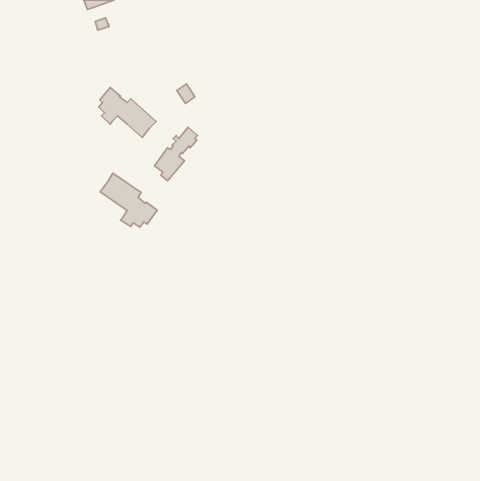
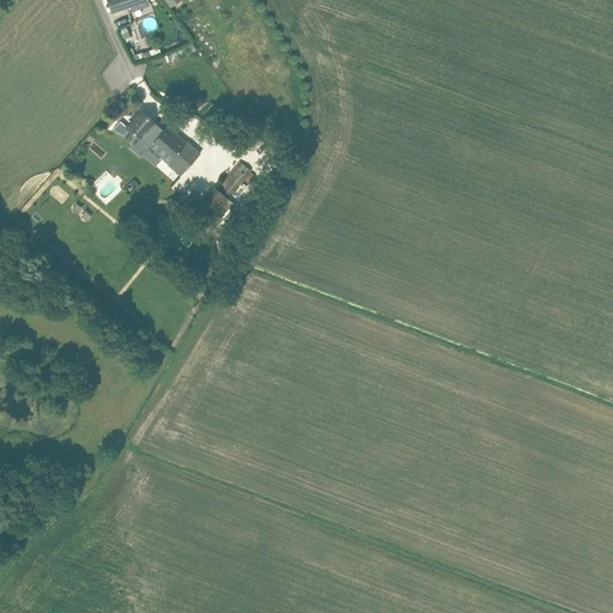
building: [100,173,157,227] -> none

